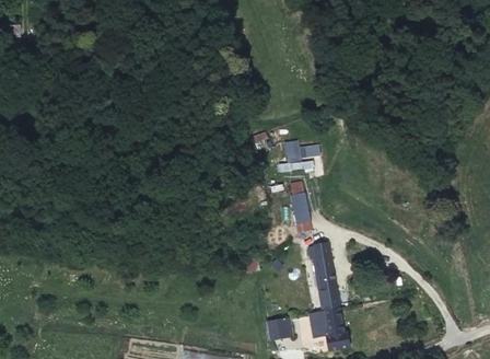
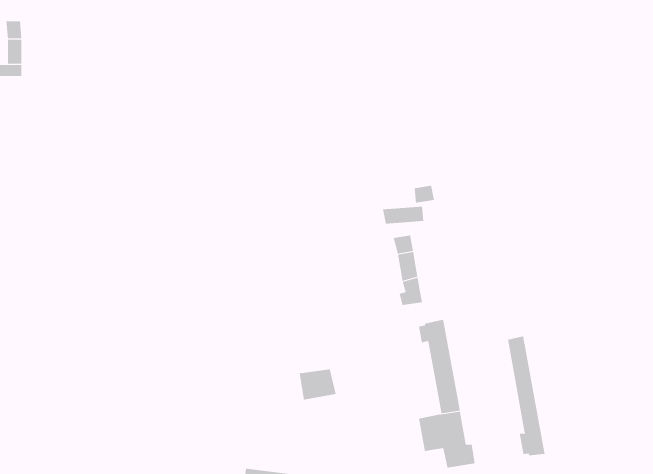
building: none -> [507,336,545,456]
building: [265,316,292,339] -> [299,369,336,400]

